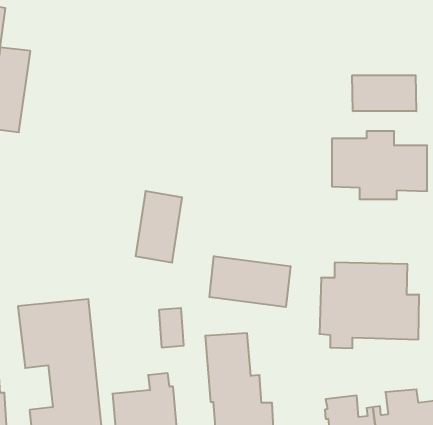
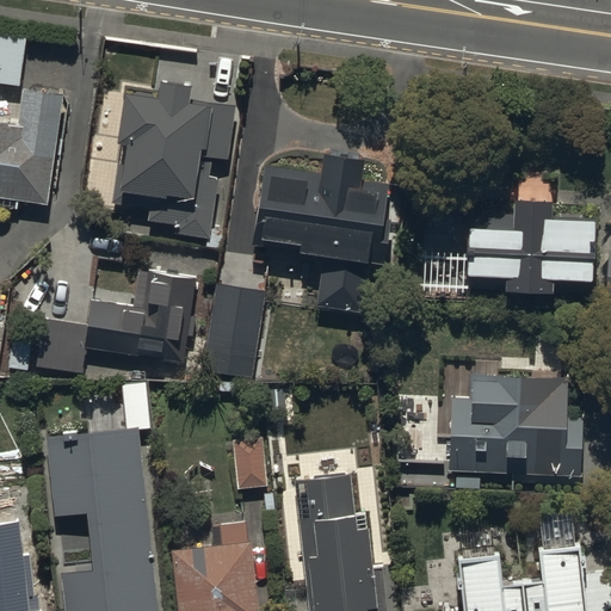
building: none -> [110,90,236,241]
building: [352,75,416,111] -> none
building: none -> [252,160,395,315]
building: none -> [36,269,196,369]
building: [210,256,290,307] -> none

